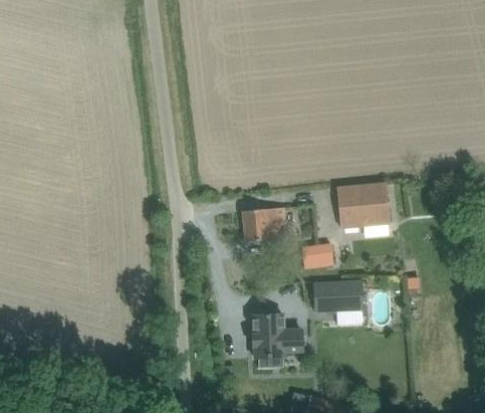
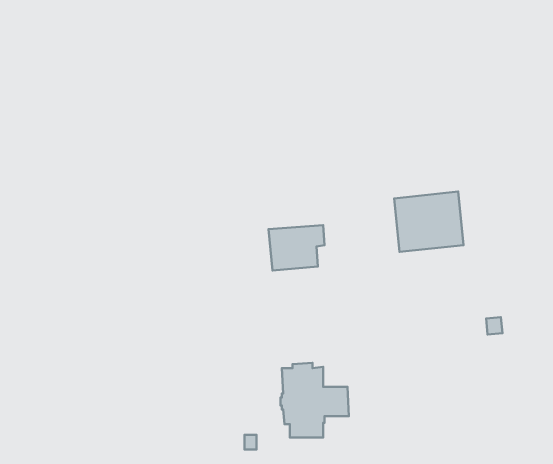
building: [302,243,333,269] -> none
building: [314,281,361,312] -> none

